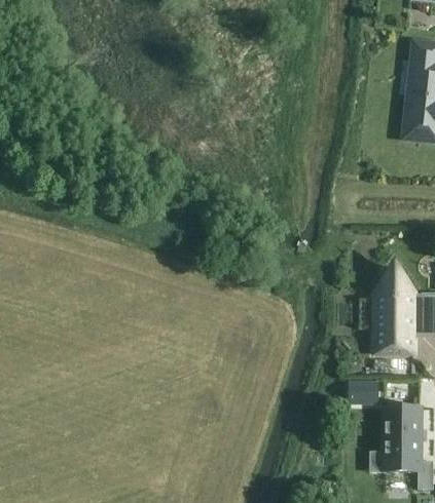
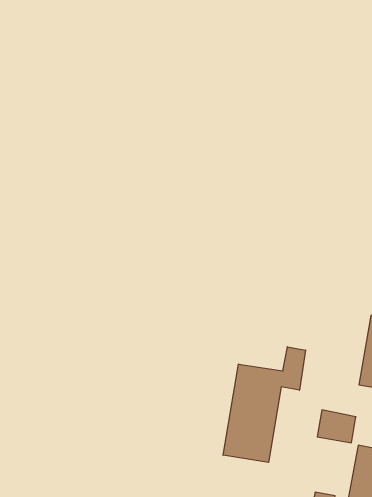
building: none -> [223,347,306,462]

